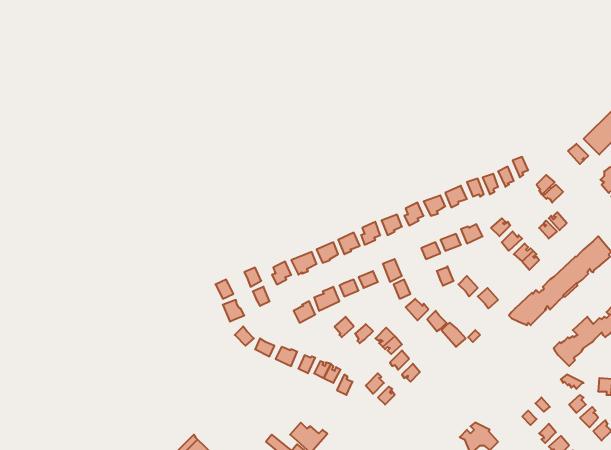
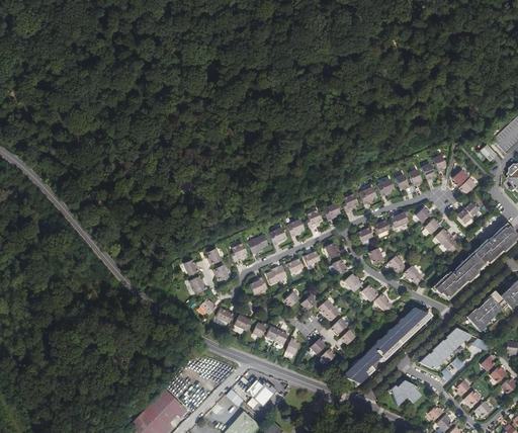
building: none -> [342,308,434,386]
building: none -> [419,327,471,368]

